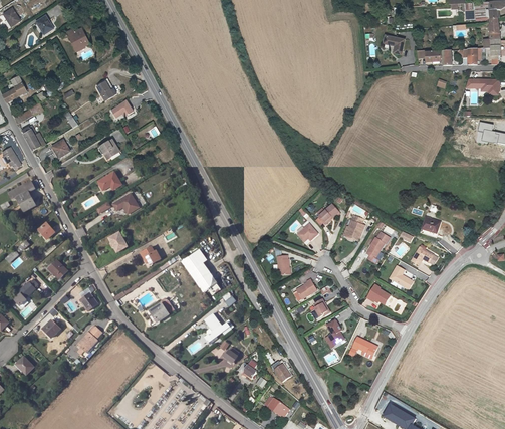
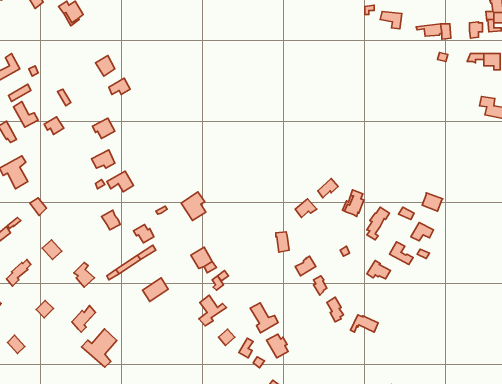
building: [183,249,207,277] -> [181,192,206,220]
building: none -> [250,303,278,333]
building: none -> [82,329,117,367]

